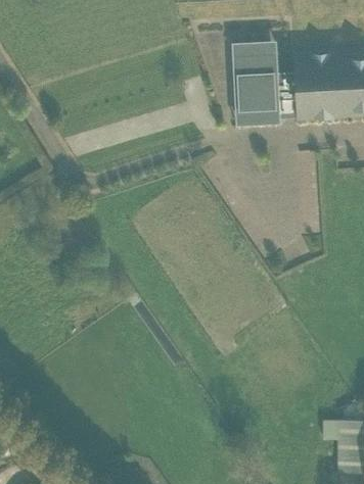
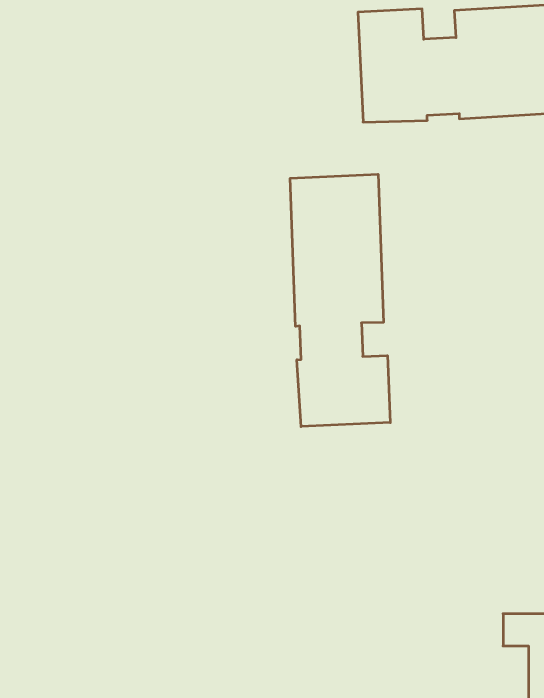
building: none -> [290,174,390,427]

